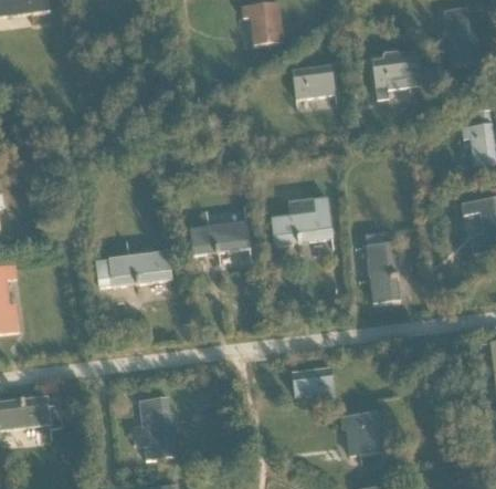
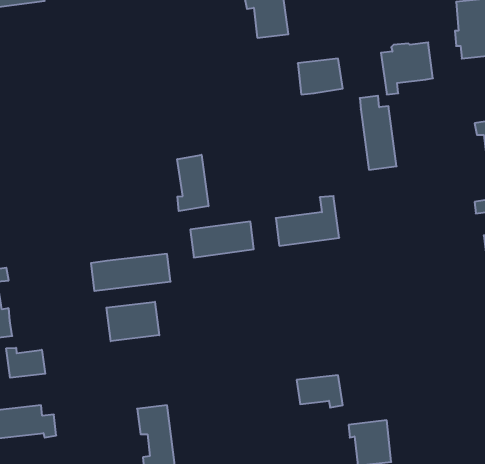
building: none -> [177,155,208,211]
building: [363,232,399,303] -> [360,96,397,170]
building: none -> [106,302,159,341]
building: none -> [6,348,45,378]

